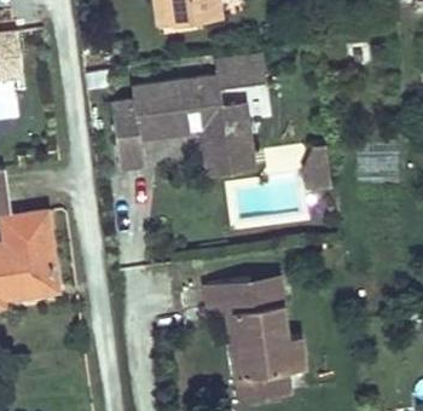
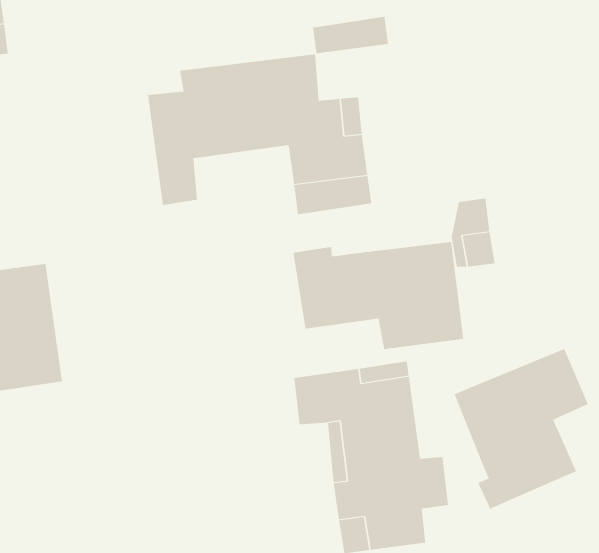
building: none -> [293,241,464,350]
building: none -> [454,348,588,509]

